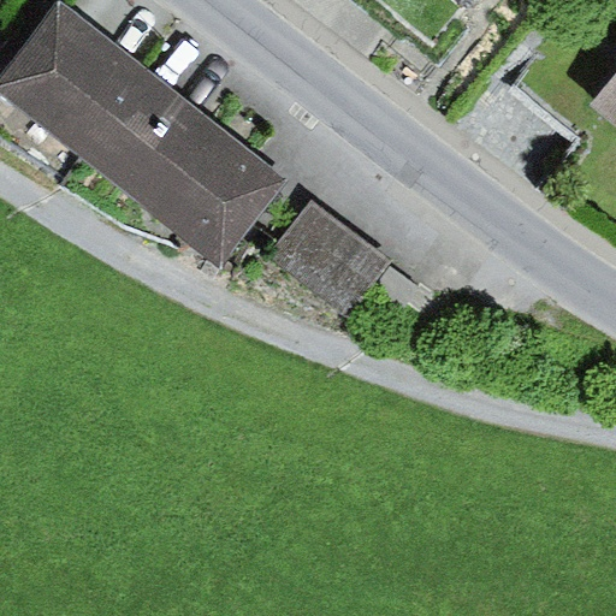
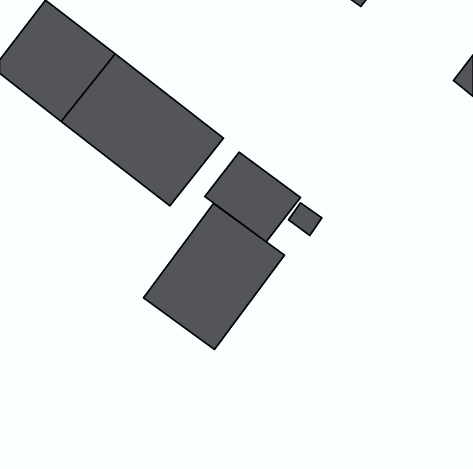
building: none -> [144,204,284,349]

